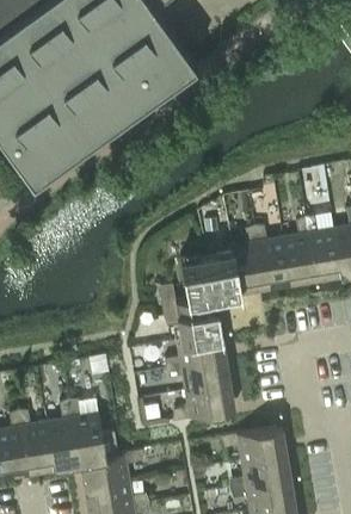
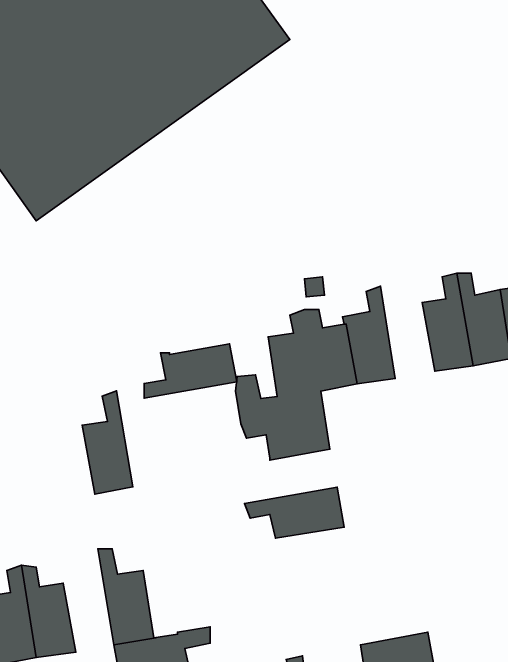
building: [255,227,291,287] -> none
building: [166,334,227,370] -> [144,344,237,398]
building: [174,385,235,422] -> none
building: [47,400,80,467] -> [82,391,133,494]
building: [221,428,287,463] -> none

